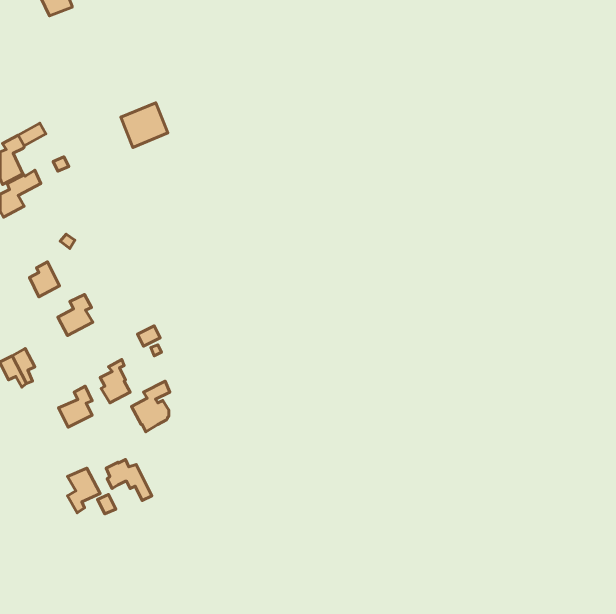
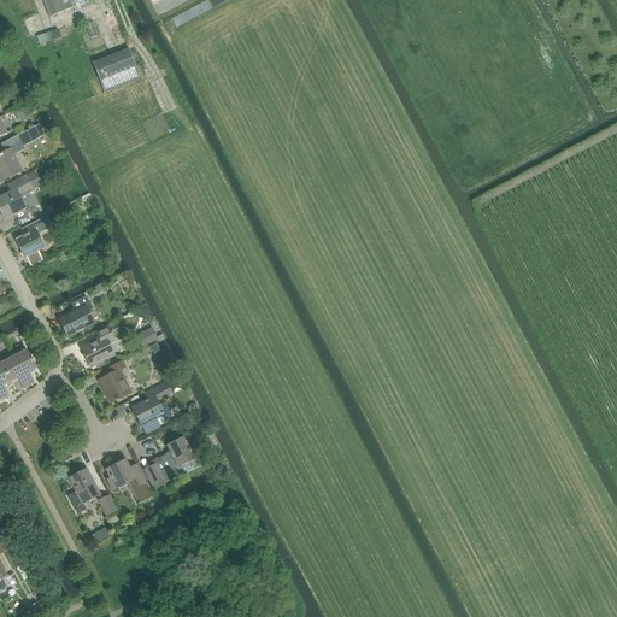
building: [121,103,168,147] -> [93,47,140,92]
building: [29,262,59,297] -> [13,222,43,257]
building: [58,386,92,427] -> [80,324,113,365]
building: none -> [143,436,193,486]

